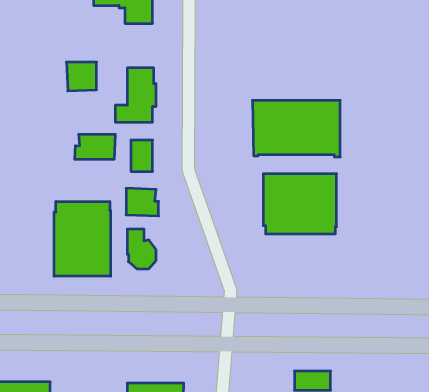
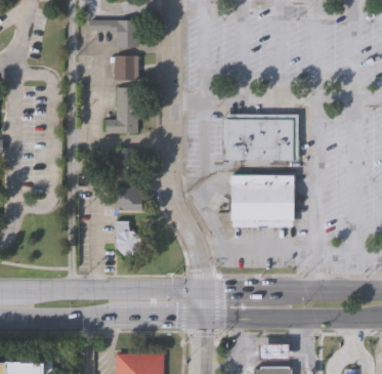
building: [66,62,97,91] -> [112,56,137,81]
building: [75,134,115,159] -> none
building: [54,201,111,276] -> none

